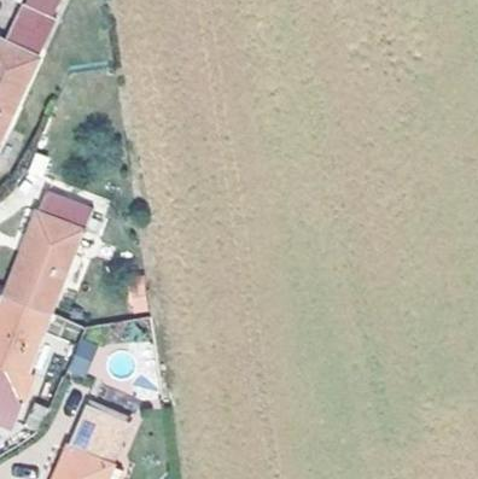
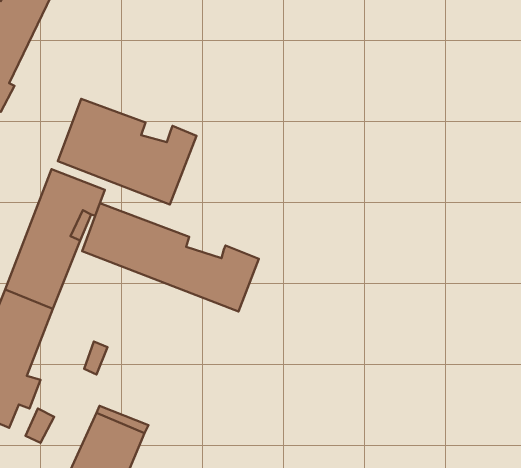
building: none -> [58,99,196,204]
building: none -> [82,203,259,312]

